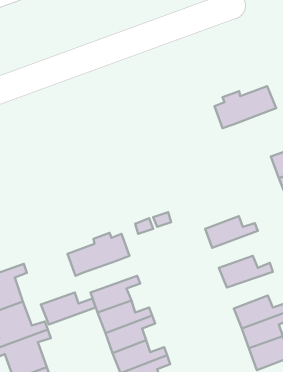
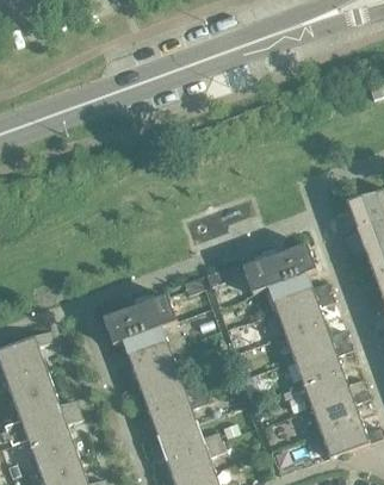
building: [214,86,276,128] -> [243,244,317,294]
building: none -> [275,292,334,336]
building: none -> [293,341,352,385]
building: [41,293,96,324] -> [120,328,186,366]

